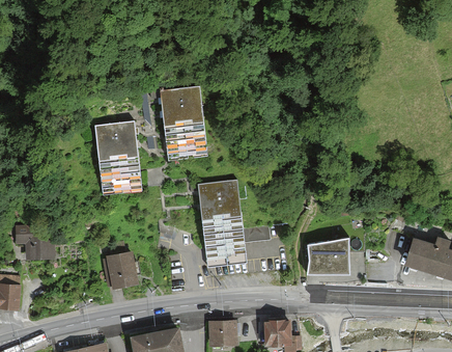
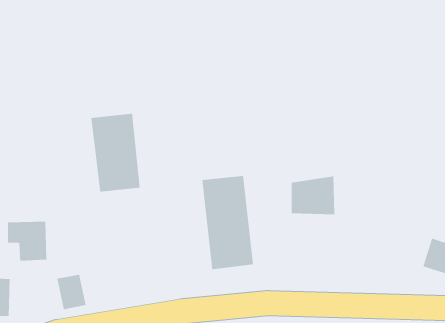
building: [160,87,210,160] -> none
building: [307,239,348,275] -> [291,176,335,215]
building: [108,253,136,287] -> [57,274,87,310]

